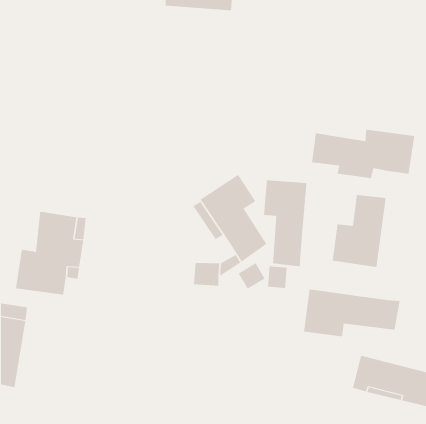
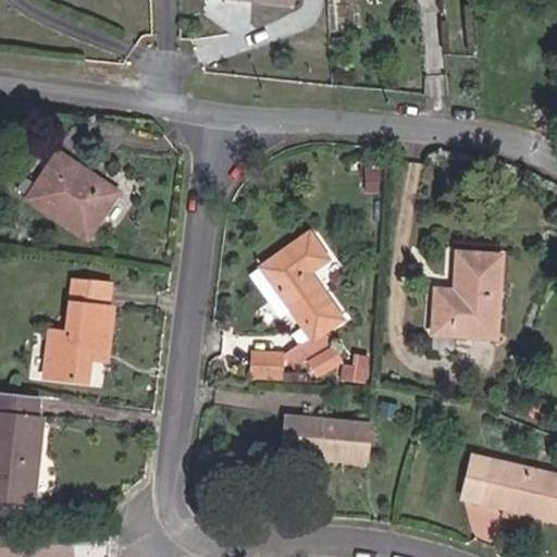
building: none -> [24,149,119,236]
building: [312,129,415,179] -> none
building: [264,179,307,267] -> none
building: [304,289,400,337] -> none
building: none -> [280,417,373,465]

